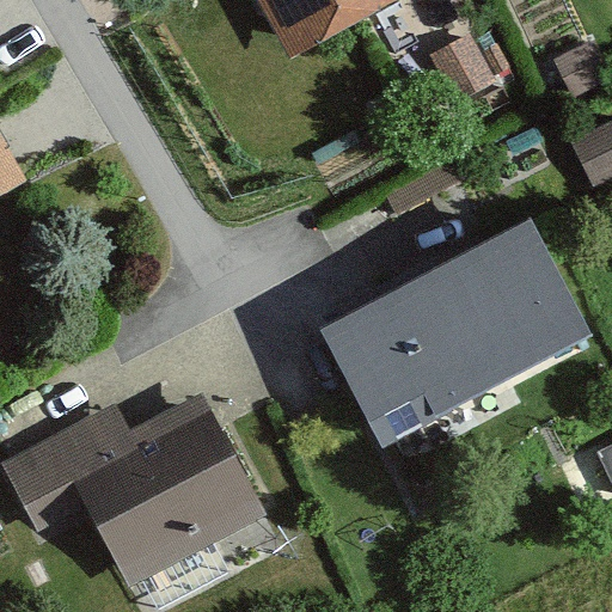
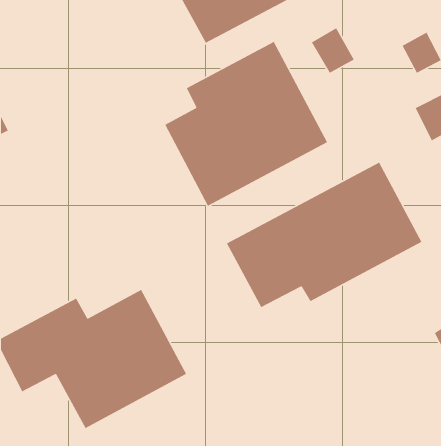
building: none -> [164,41,328,207]

